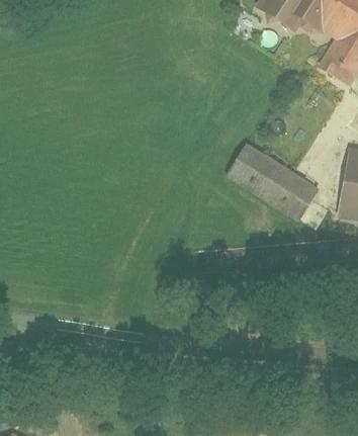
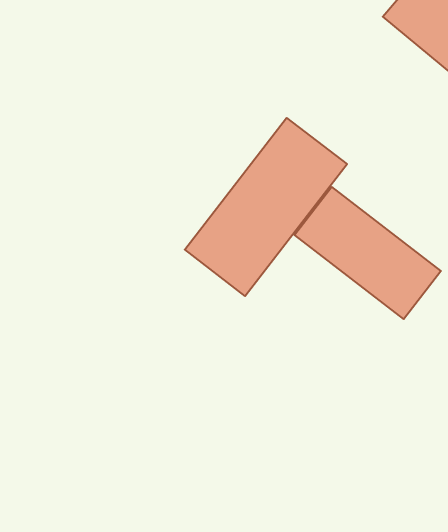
building: none -> [185,118,347,296]

